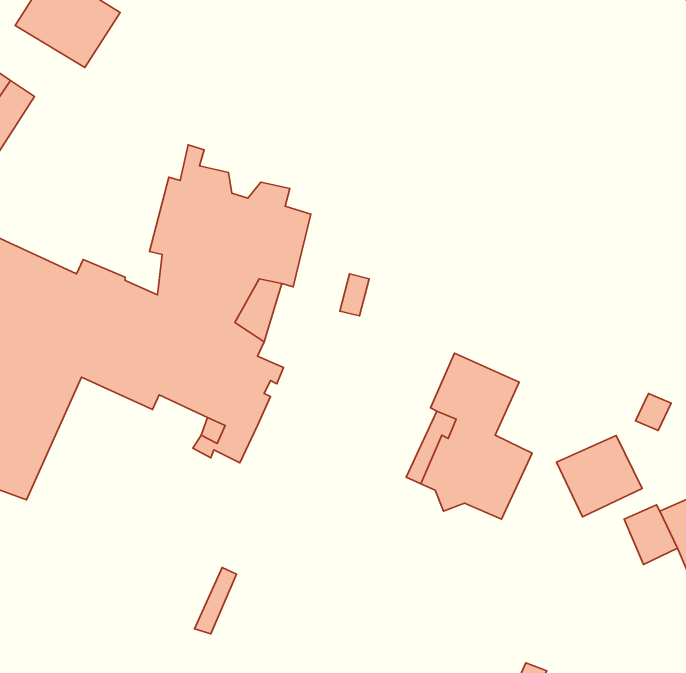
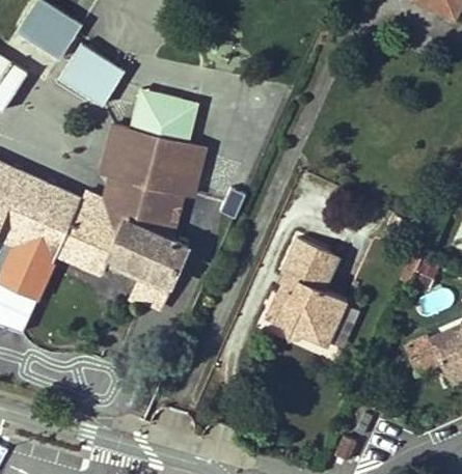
building: none -> [59,45,125,106]
building: none -> [133,90,197,139]
building: [557,435,642,517] -> none

